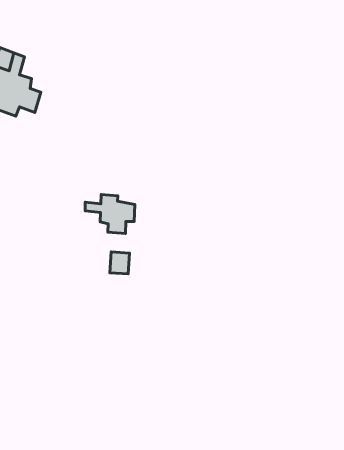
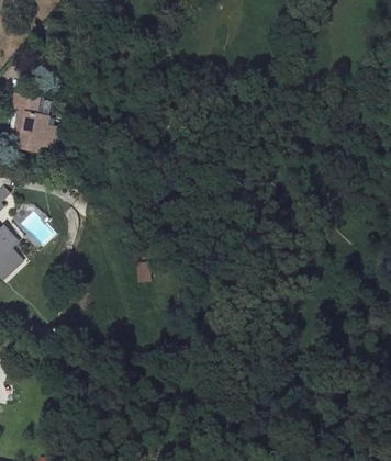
building: [85,195,135,234] -> none

